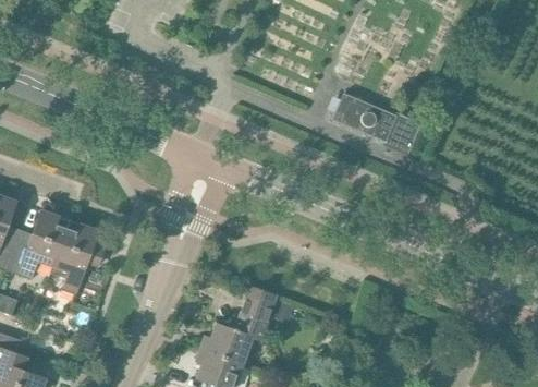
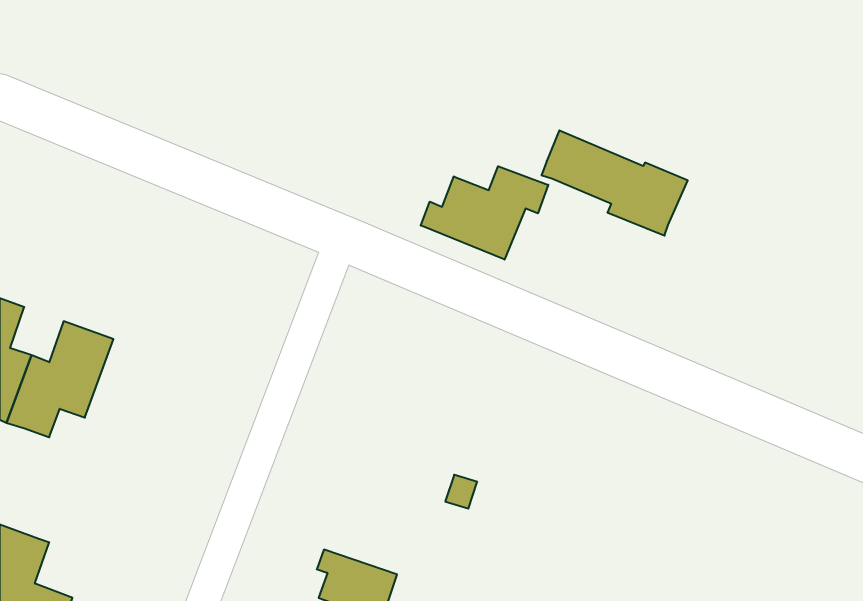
building: none -> [421,166,548,260]
building: [52,220,102,295] -> none
building: [198,287,276,364] -> none

